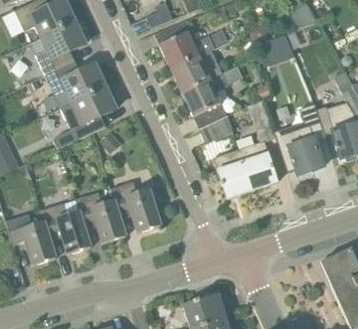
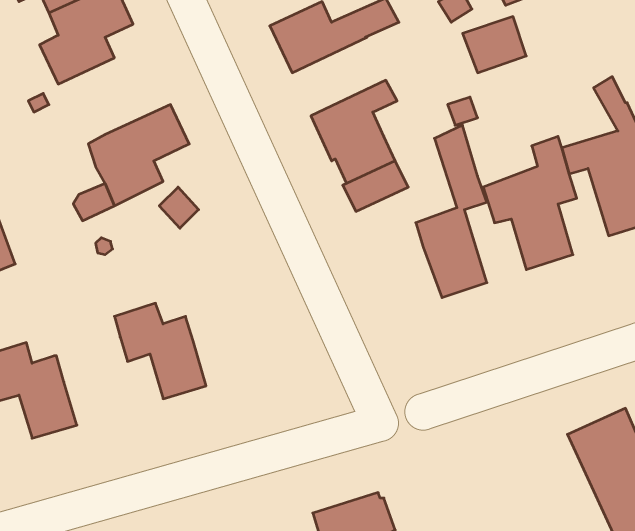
building: [171,49,221,92] -> none
building: [45,60,106,102] -> none
building: [211,149,251,198] -> none
building: [110,181,160,232] -> none
building: [40,202,91,255] -> none

